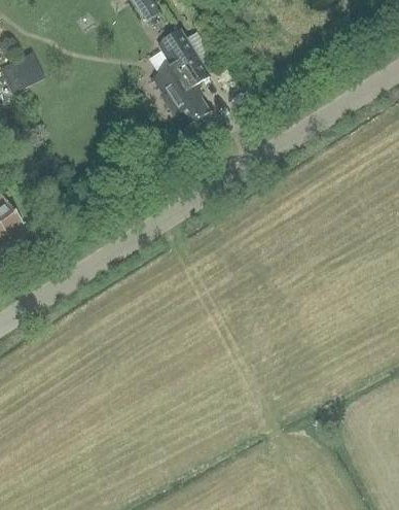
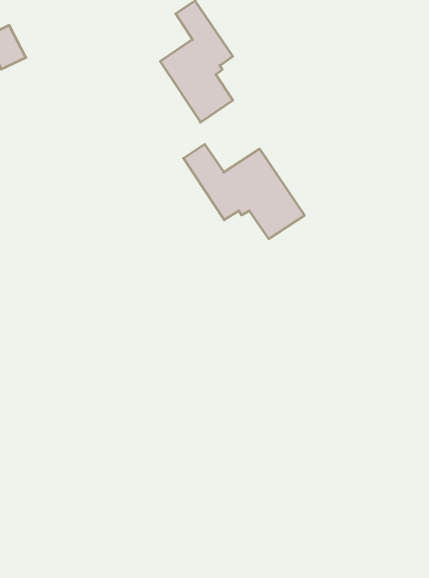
building: none -> [183,144,304,239]

